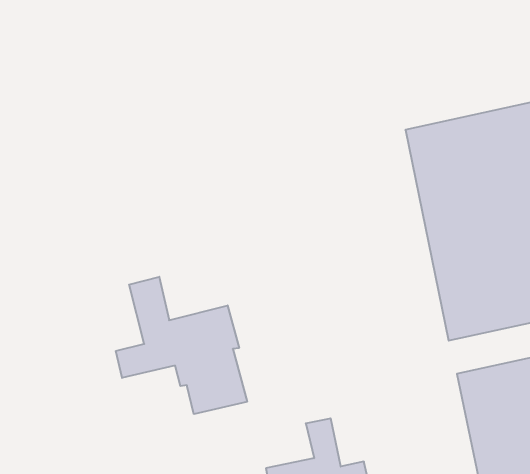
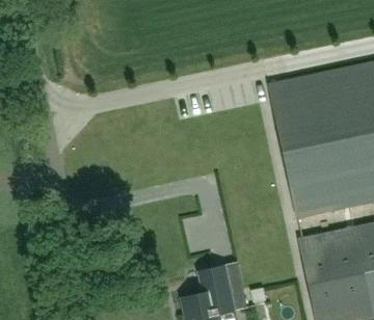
building: [116,277,247,414] -> none

